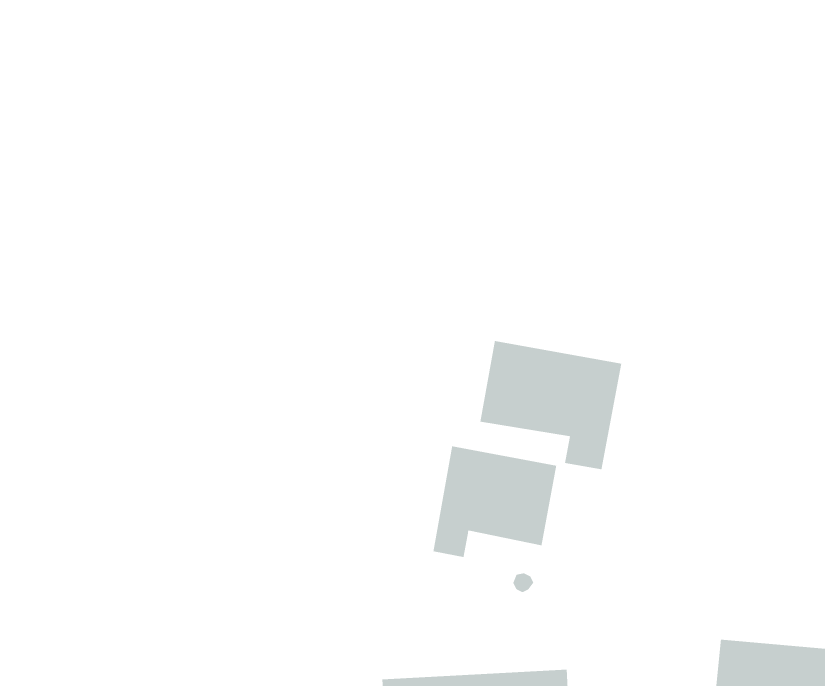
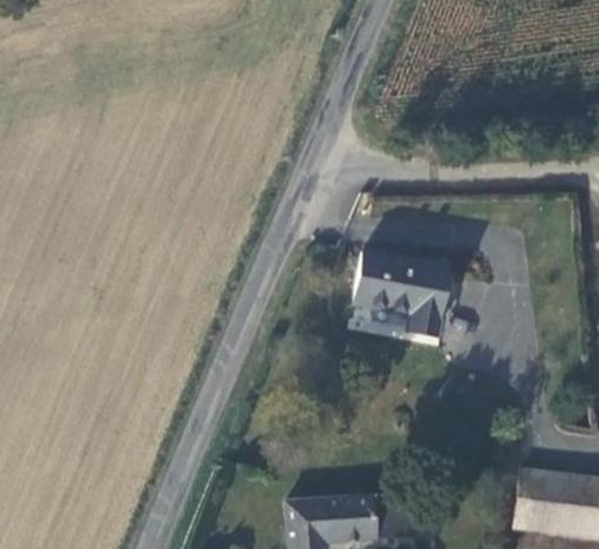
building: [433,446,557,558] -> none

